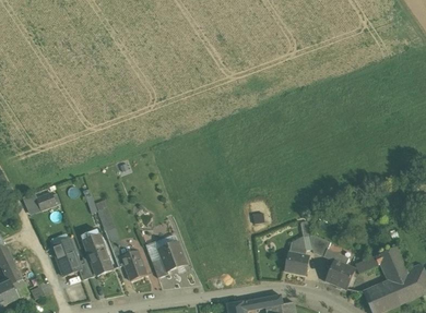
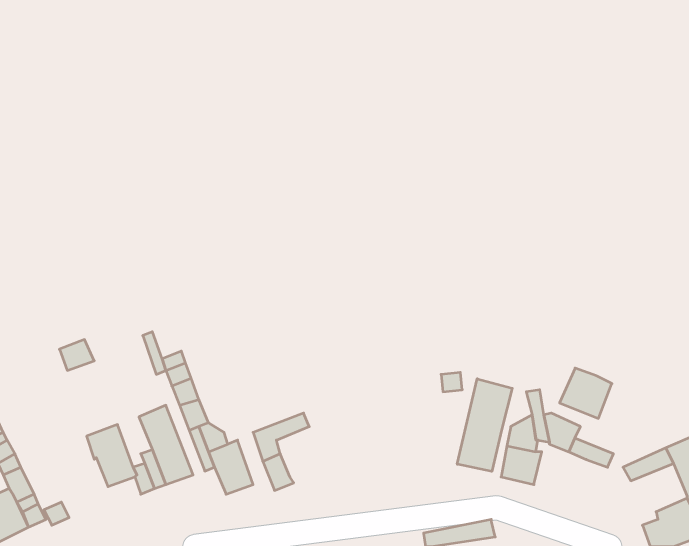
building: none -> [457,379,512,471]
building: [159,241,186,269] -> none
building: [326,260,355,288] -> [560,368,612,418]

